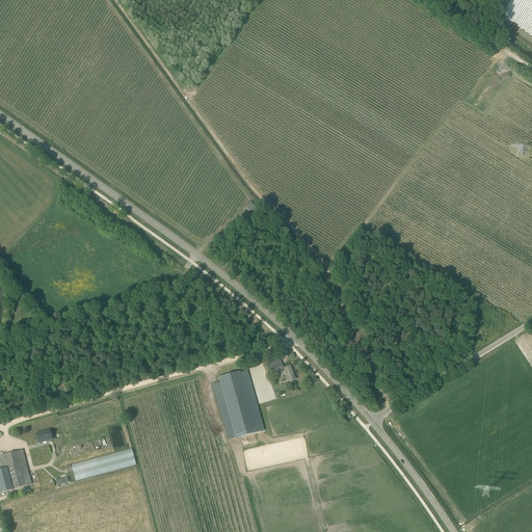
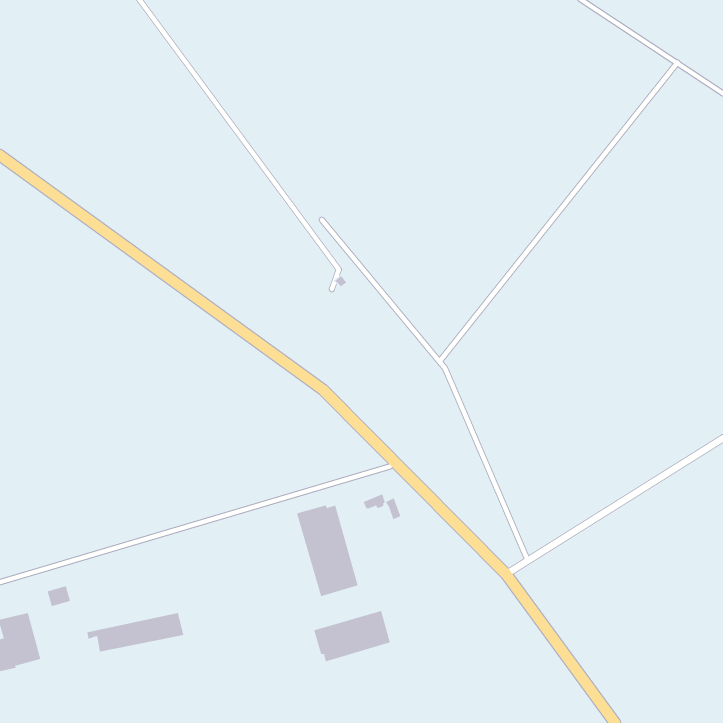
building: none -> [314,610,391,662]

